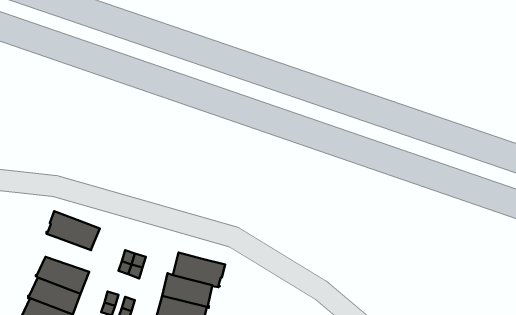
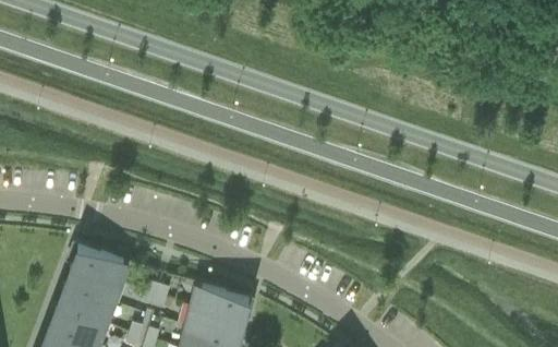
building: none -> [68,267,121,303]

